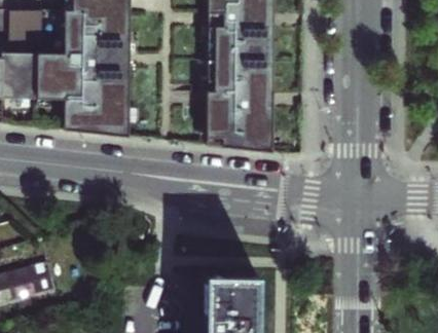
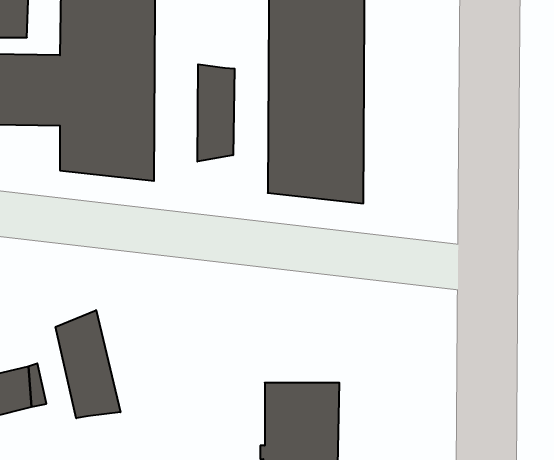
building: none -> [197,64,235,162]
building: none -> [56,310,120,418]

